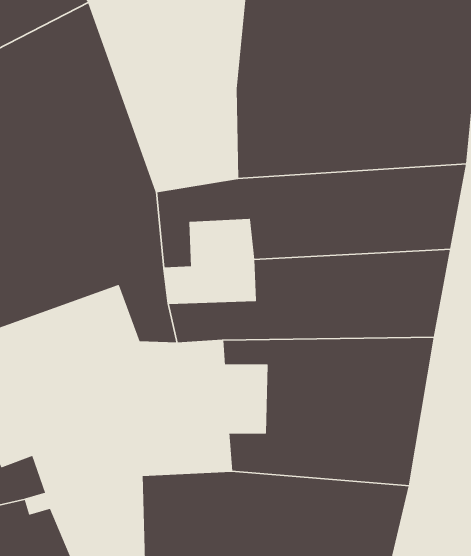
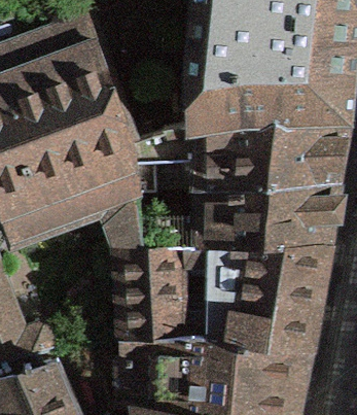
building: none -> [122,245,187,340]

